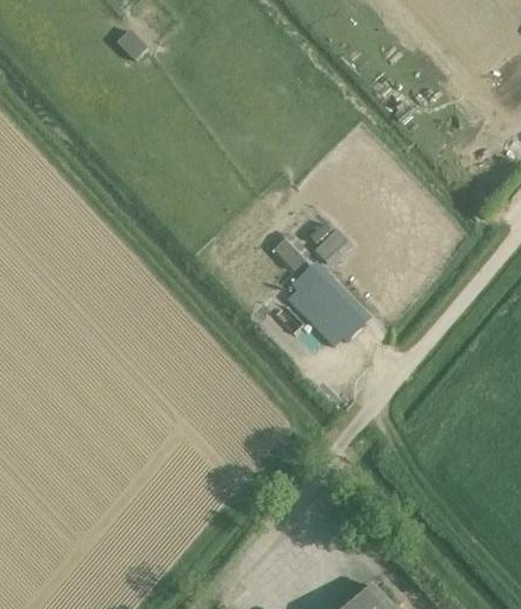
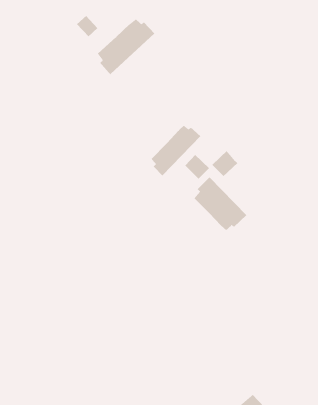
building: none -> [97,19,155,75]
building: none -> [151,125,201,177]

